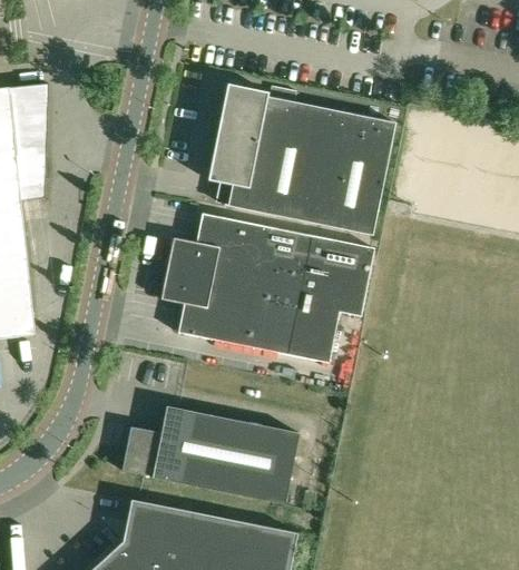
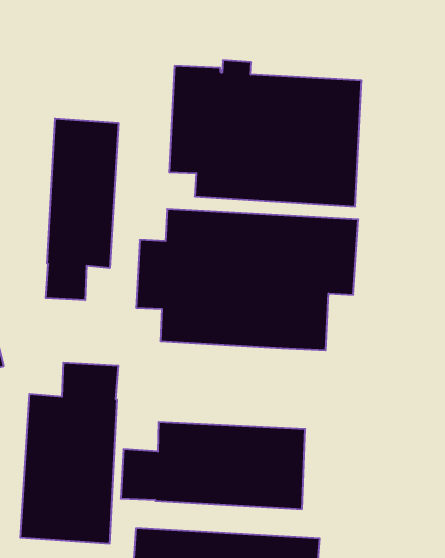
building: none -> [46,118,118,300]
building: none -> [20,363,118,544]

